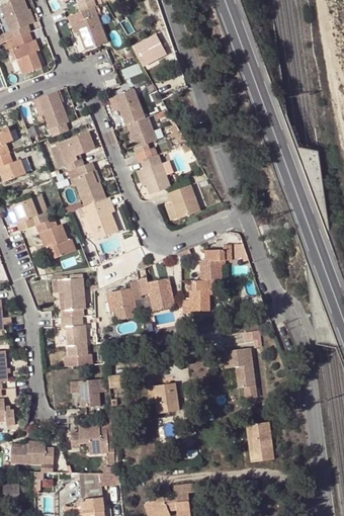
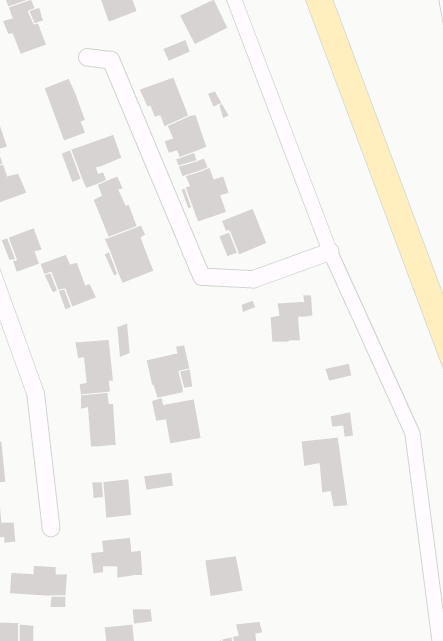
building: [139,278,175,312] -> [151,398,202,444]
building: [184,280,212,314] -> none
building: [153,383,181,413] -> [204,556,243,596]
building: [249,421,275,460] -> none

